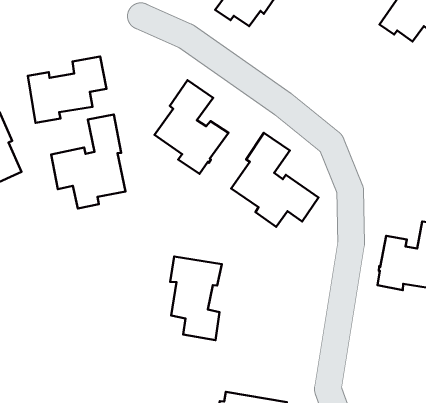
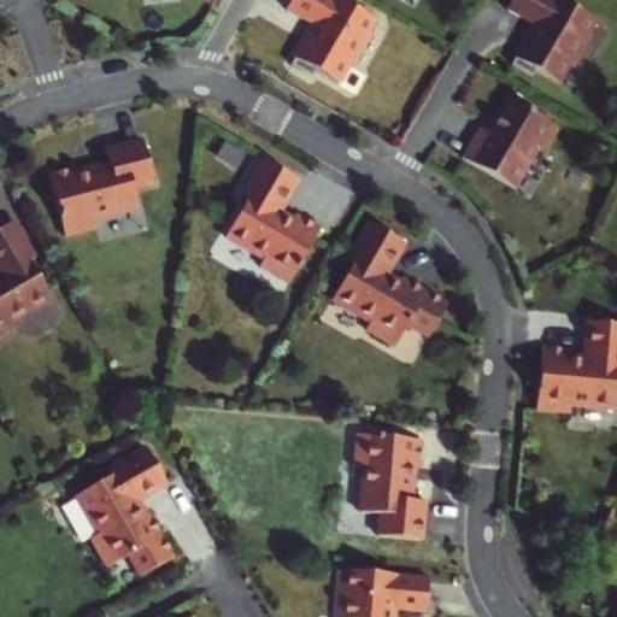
building: none -> [462,94,560,186]
building: [51,115,125,208] -> none
building: [170,257,222,340] -> [355,433,424,539]
building: none -> [77,446,176,574]

